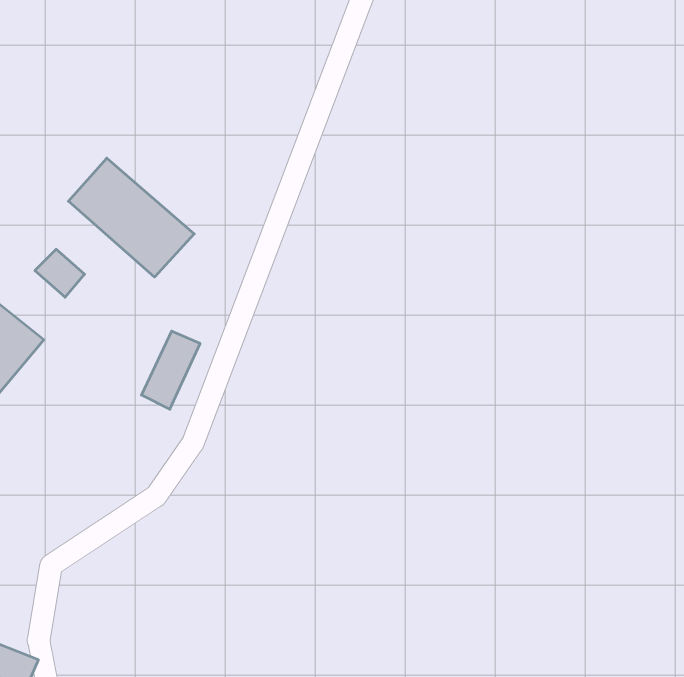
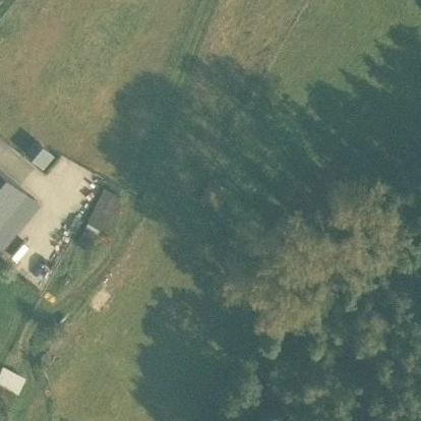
building: [68,158,194,277] -> none

